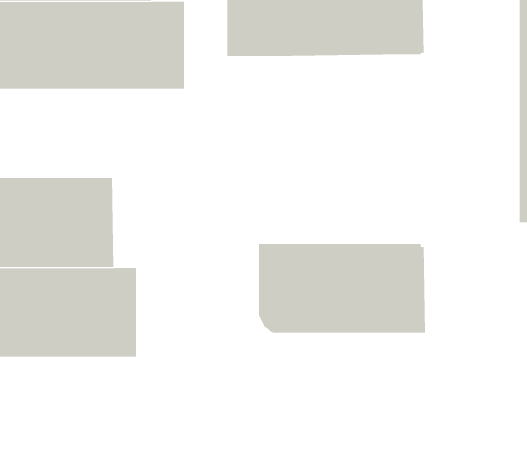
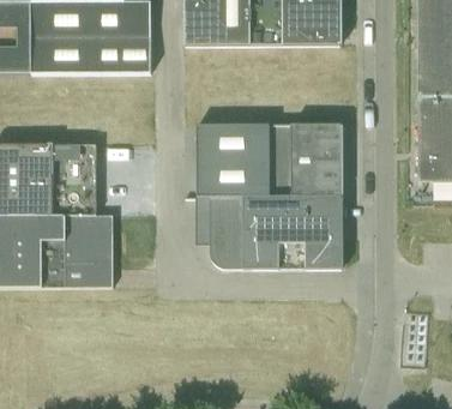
building: none -> [195,124,342,197]

